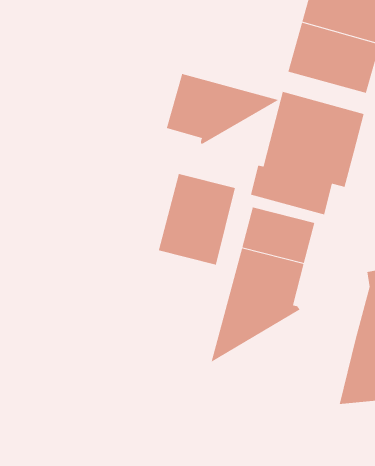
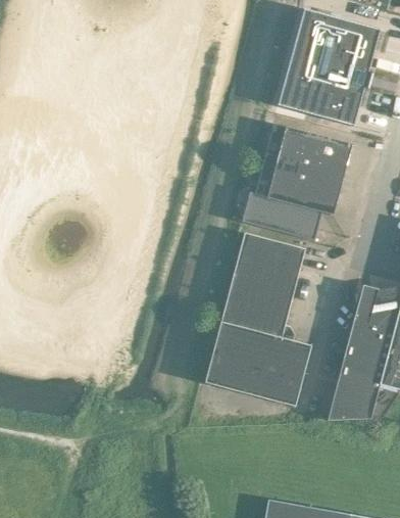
building: [166,73,280,145] -> none
building: [158,173,235,266] -> none
building: none -> [204,331,310,406]

